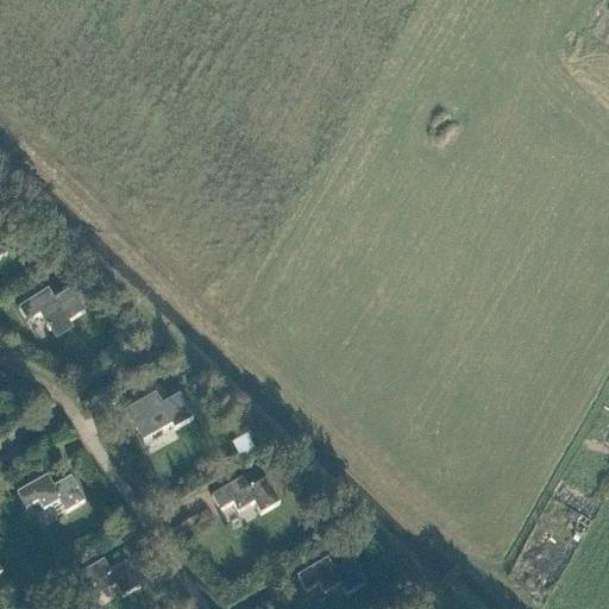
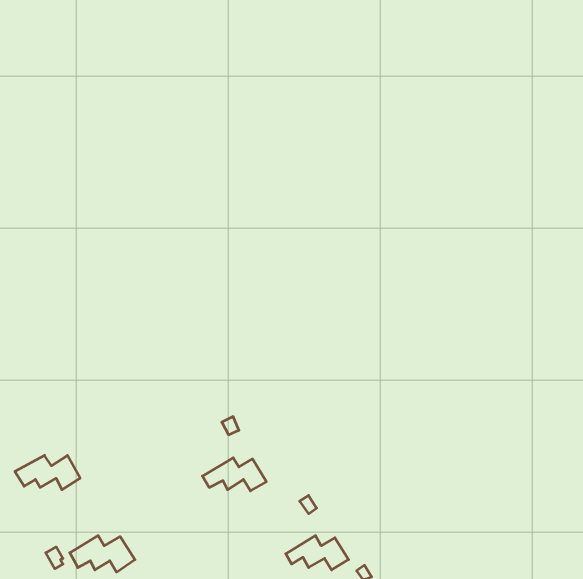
building: [20,285,86,334] -> none
building: [126,390,194,439] -> none

